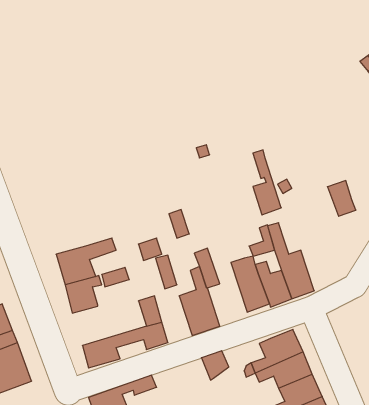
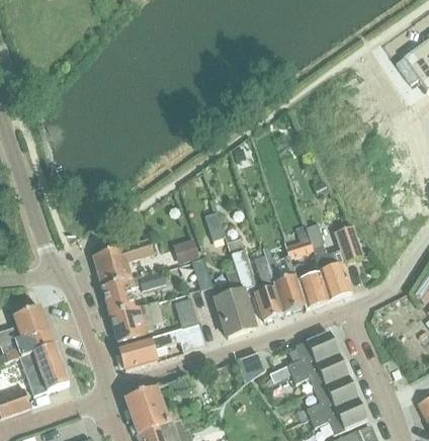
building: [253,150,281,215] -> [255,256,283,321]
building: [327,181,356,216] -> [335,227,363,262]
building: none -> [109,300,164,343]

